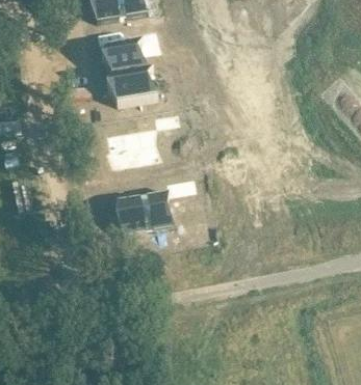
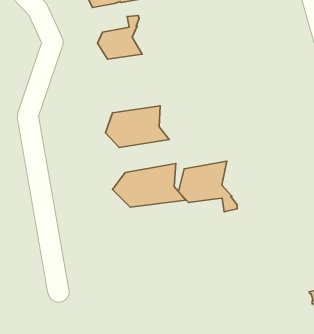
building: [110,71,161,106] -> none
building: none -> [178,161,237,212]

